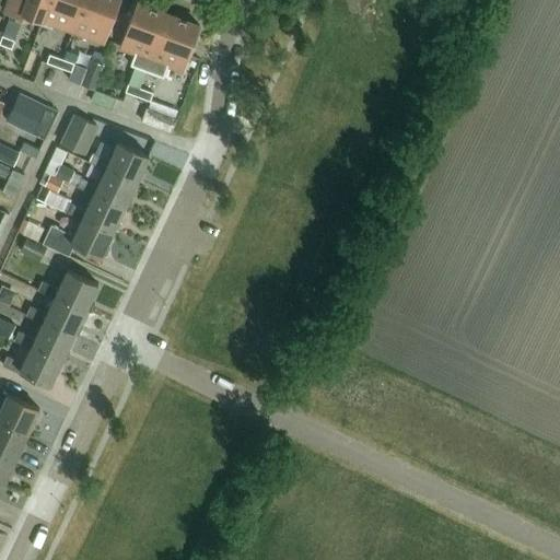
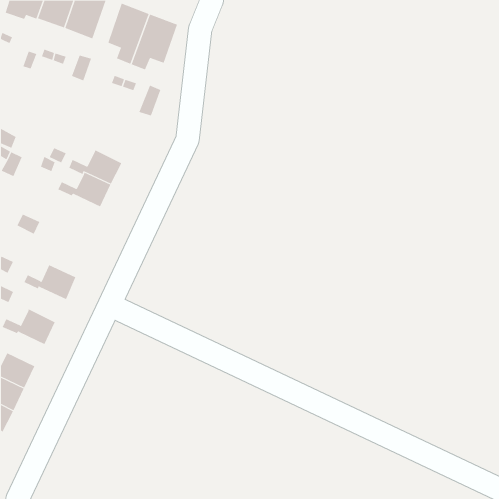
building: [11,95,57,141] -> none
building: [60,115,98,154] -> none
building: [89,142,149,183] -> none
building: [42,218,113,258] -> none
building: [37,270,97,311] -> none
building: [14,322,74,361] -> none

